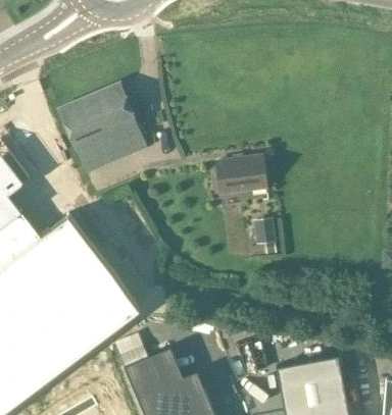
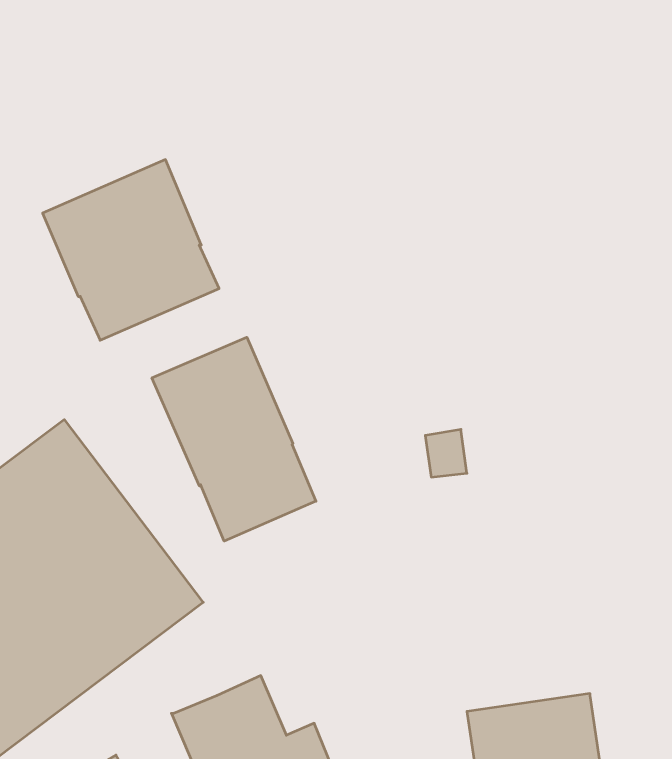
building: [215,158,266,196] -> none
building: none -> [152,337,316,541]

